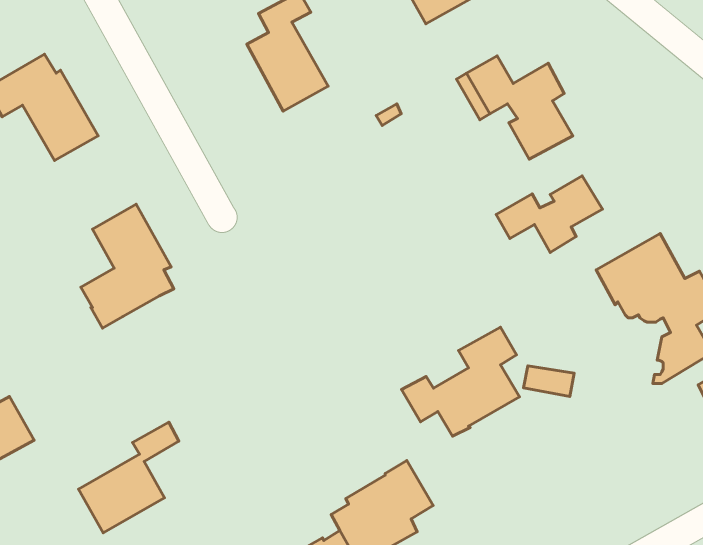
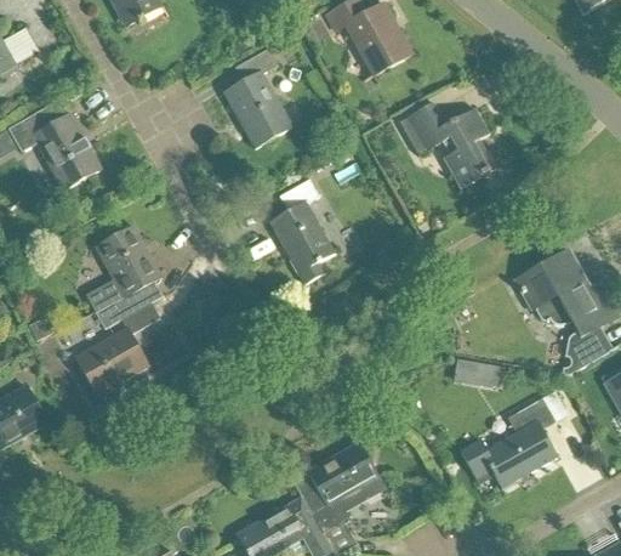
building: none -> [269,180,335,284]
building: [496,176,603,252] -> none
building: [402,327,520,436] -> [460,398,558,489]
building: [79,422,179,533] -> [76,302,160,395]

